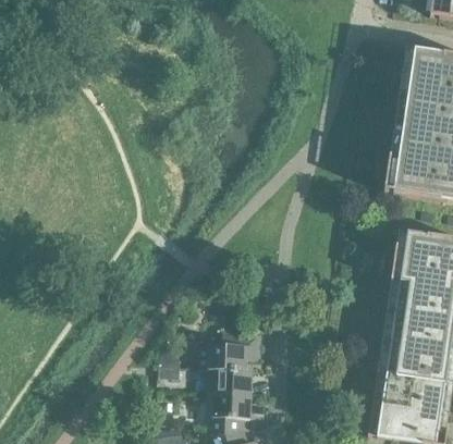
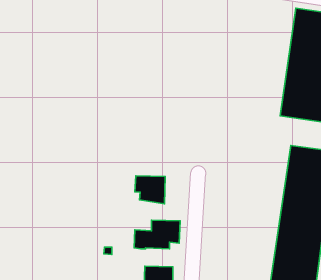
building: none -> [135,176,165,204]
building: [208,367,252,392] -> none

